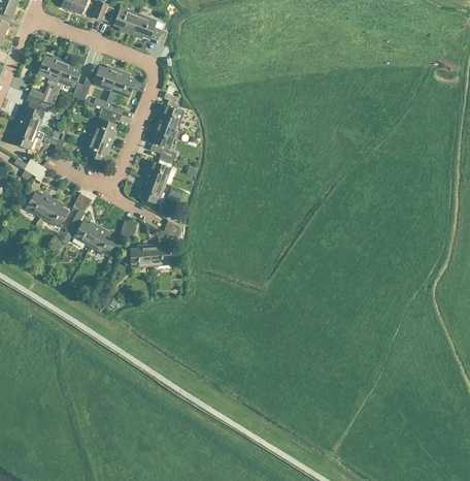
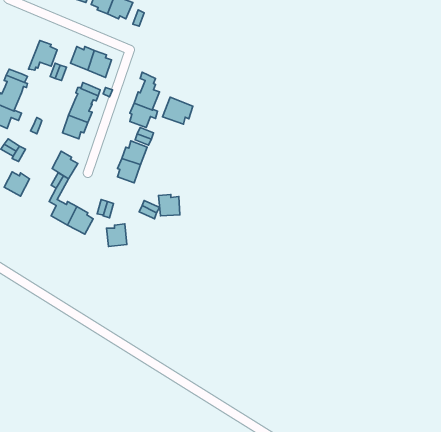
building: [37,56,62,89] -> none
building: none -> [163,97,193,124]
building: [42,199,68,227] -> [52,151,78,179]
building: [147,244,169,265] -> [158,194,180,216]

